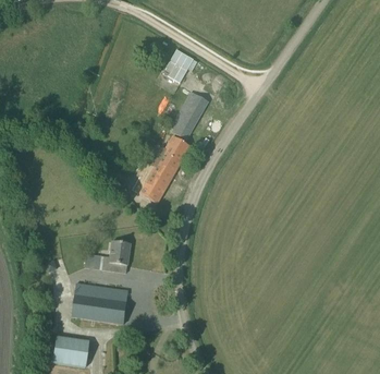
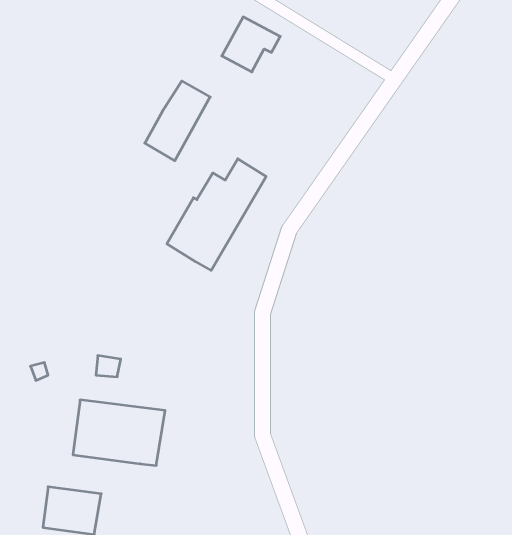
building: [169,92,209,141] -> [145,81,210,161]
building: [102,241,131,273] -> none

